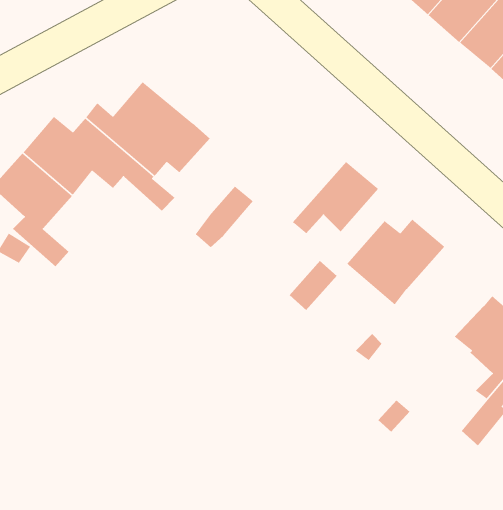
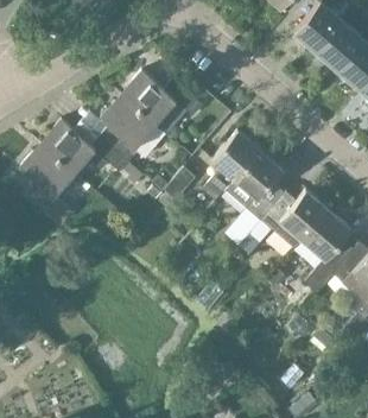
building: none -> [121,72,203,137]
building: none -> [202,133,260,204]
building: none -> [302,210,354,293]

